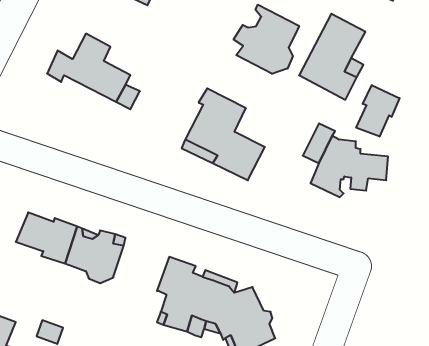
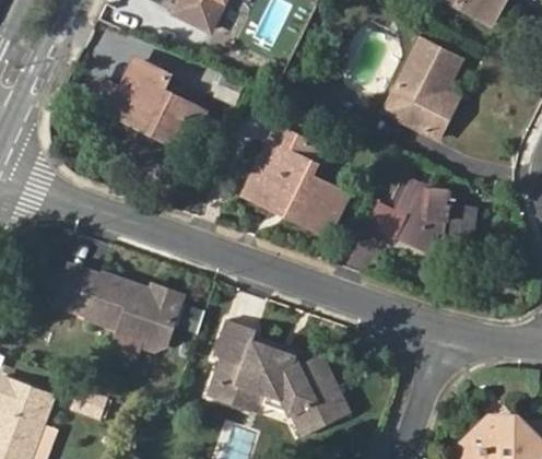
building: [234,5,299,74] -> none
building: [356,85,400,137] -> none

